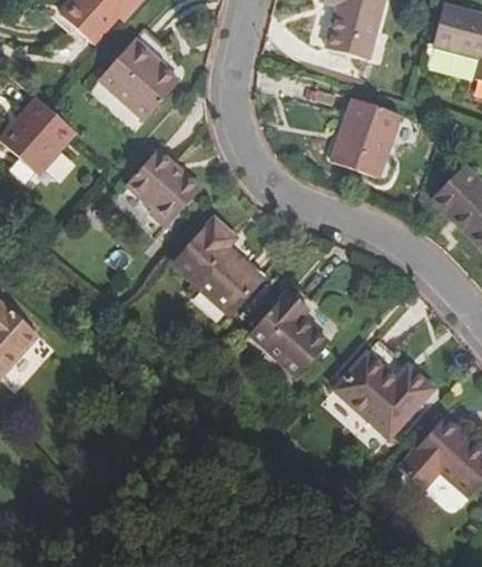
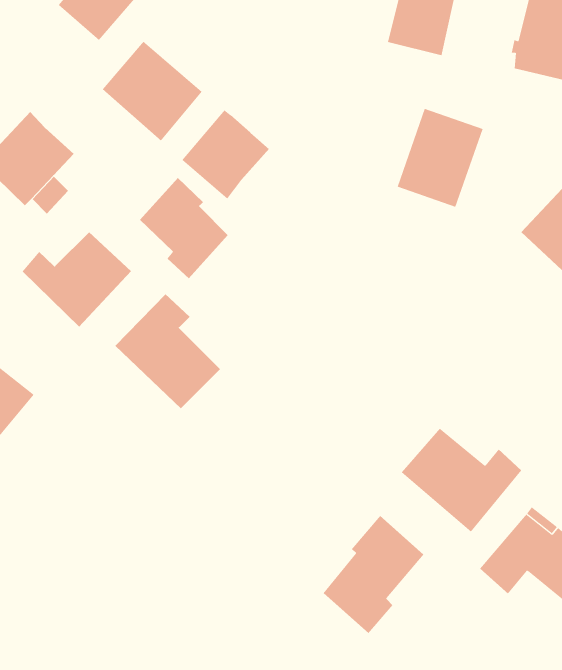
building: none -> [182,110,270,199]
building: none -> [22,231,132,327]
building: [180,219,266,313] -> [115,293,221,409]
building: [250,292,328,377] -> none
building: none -> [323,515,424,634]

